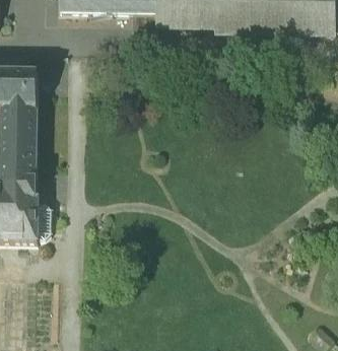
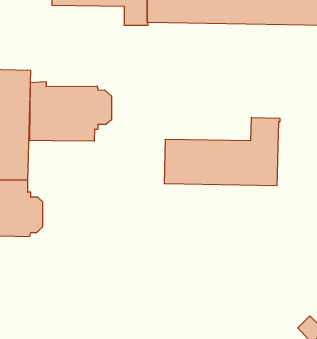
building: none -> [30,82,112,141]
building: none -> [164,117,280,186]

